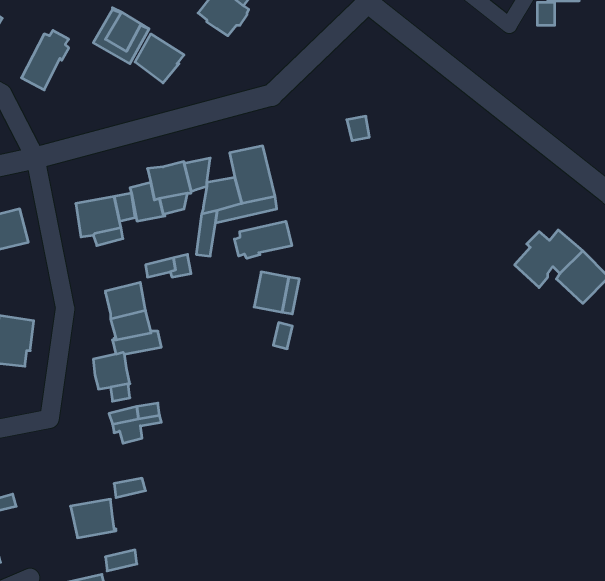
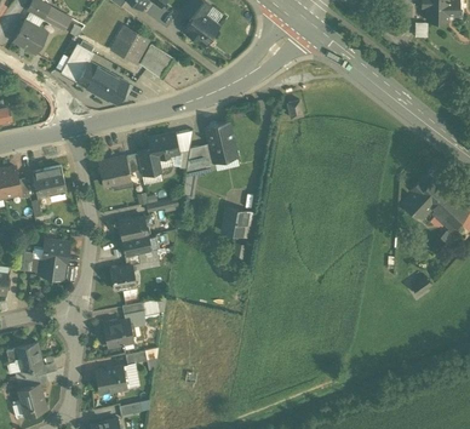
building: none -> [76,61,128,104]
building: [234,221,292,258] -> none
building: none -> [103,319,133,347]

